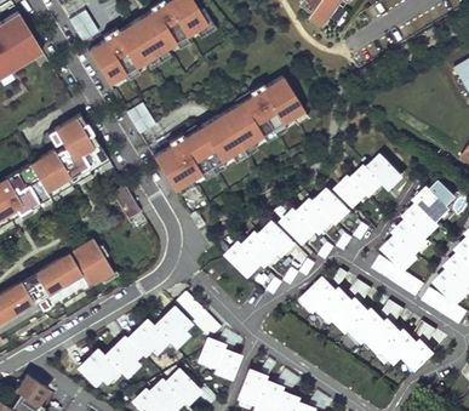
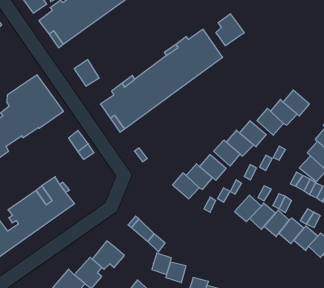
building: none -> [216,14,244,46]
building: [155,307,189,346] -> none

